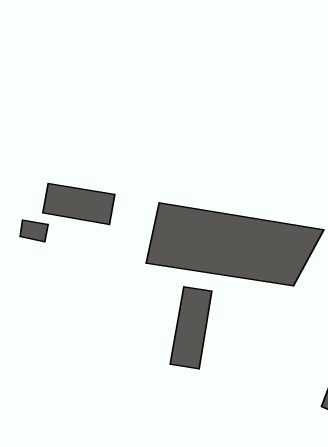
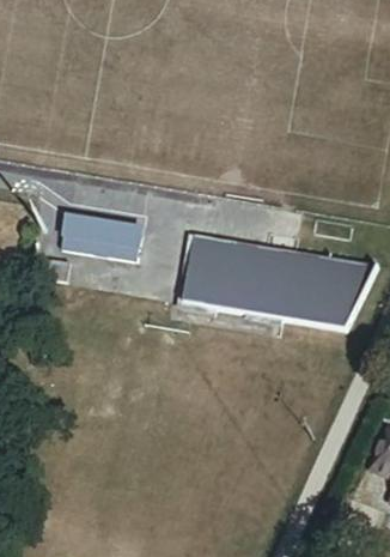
building: [170,287,212,369] -> none

